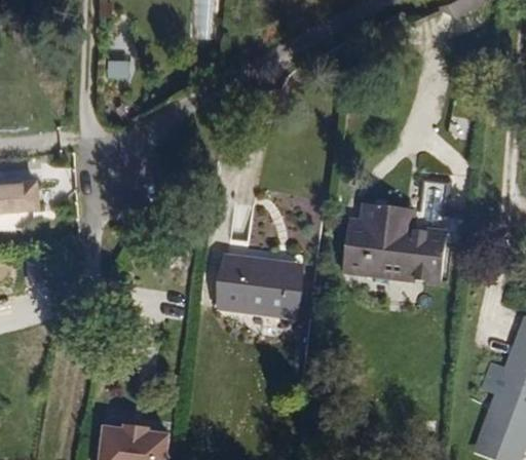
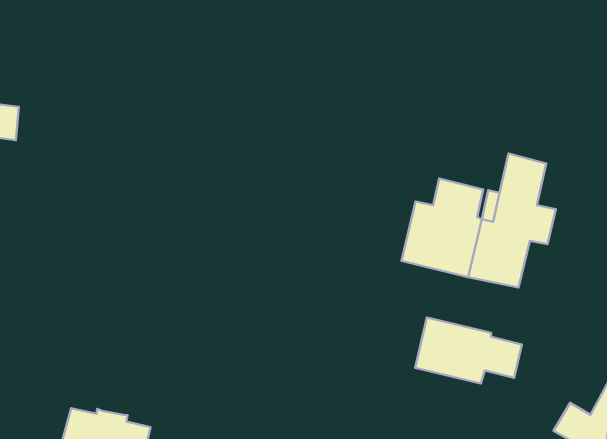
building: [214,254,293,312] -> none
building: none -> [415,317,522,384]

